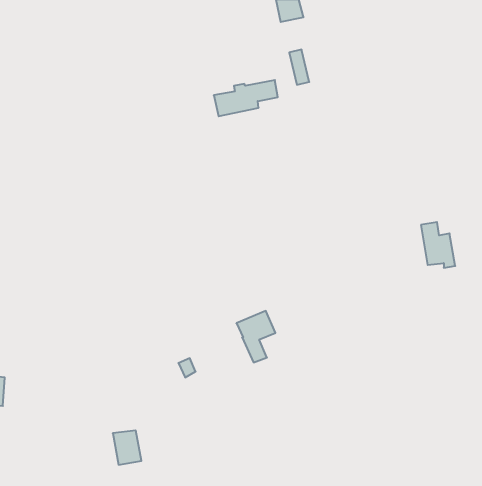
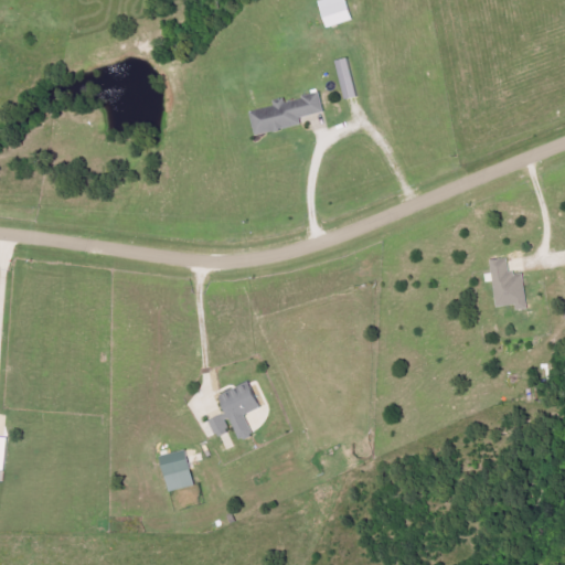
building: [236,311,275,362] -> [216,381,262,440]
building: [113,430,141,465] -> [160,450,193,490]

